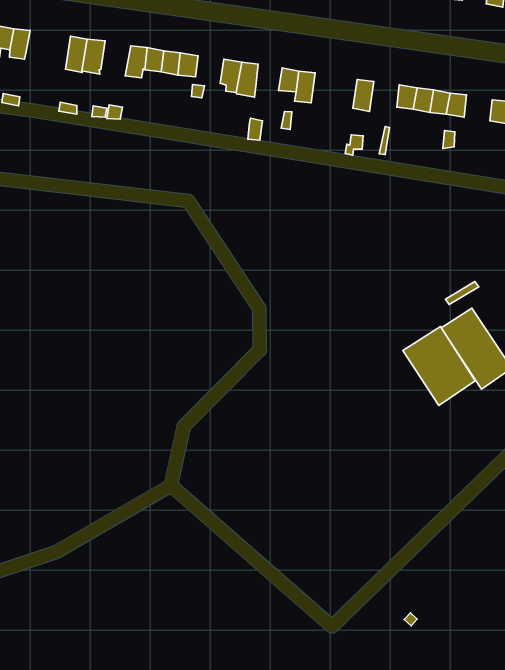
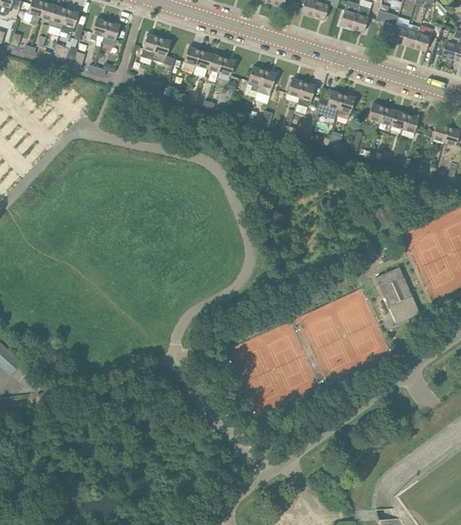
building: none -> [317,90,344,119]
building: [403,327,475,405] -> none

